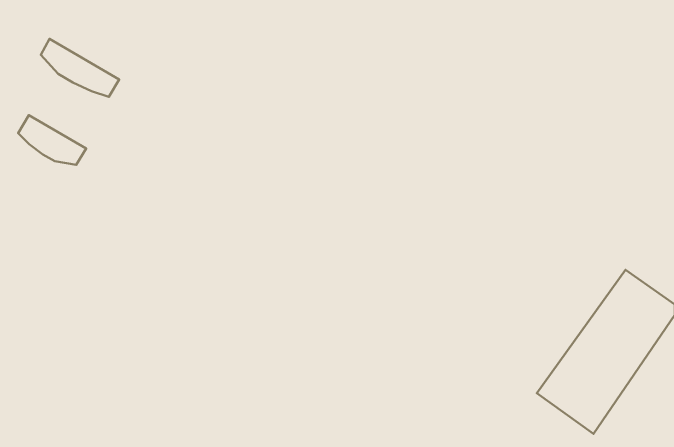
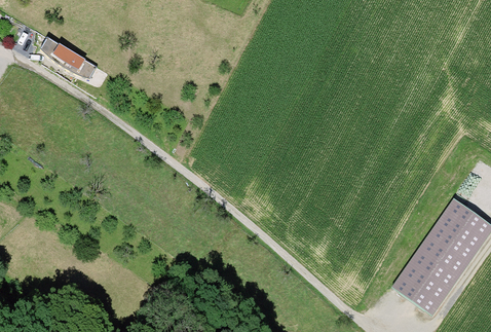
building: [18,115,86,165] -> none

